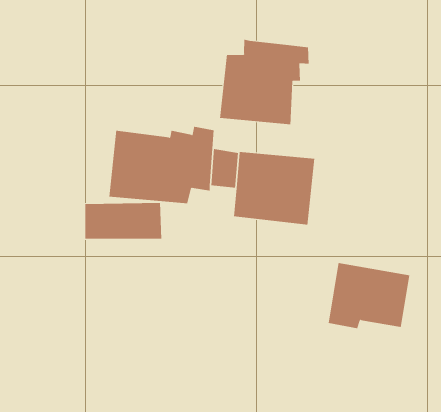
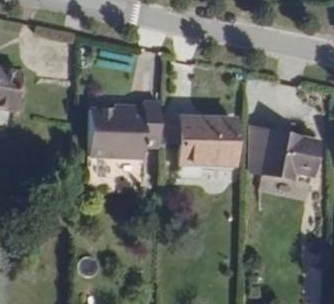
building: [220,39,309,125] -> none
building: [328,262,410,329] -> [252,130,310,177]

